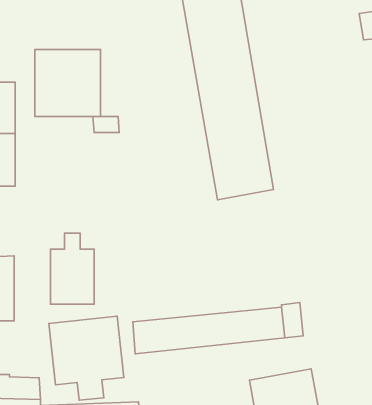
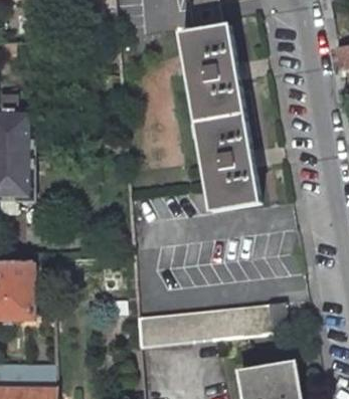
building: [35,50,101,116] -> none
building: [50,233,94,304] -> none
building: [49,316,124,400] -> none

